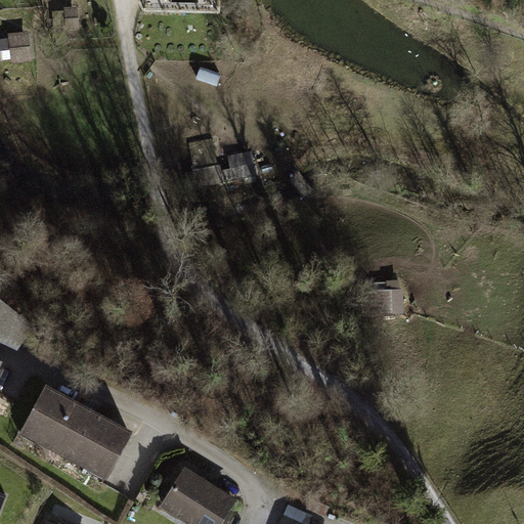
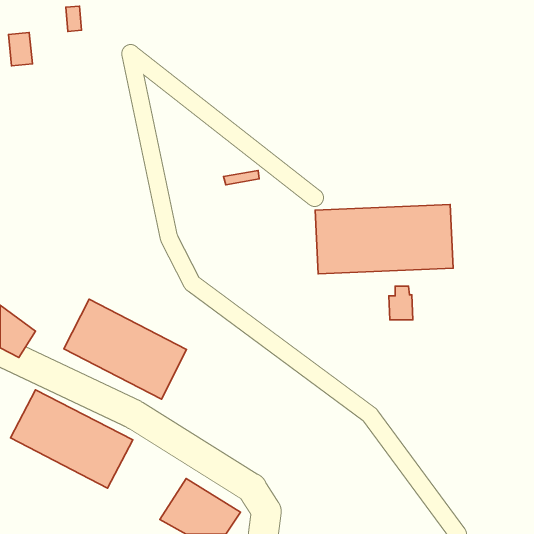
building: none -> [315,204,453,274]
building: none -> [64,299,187,399]

